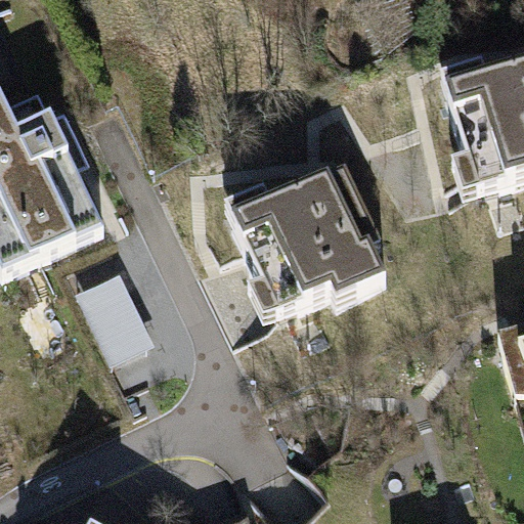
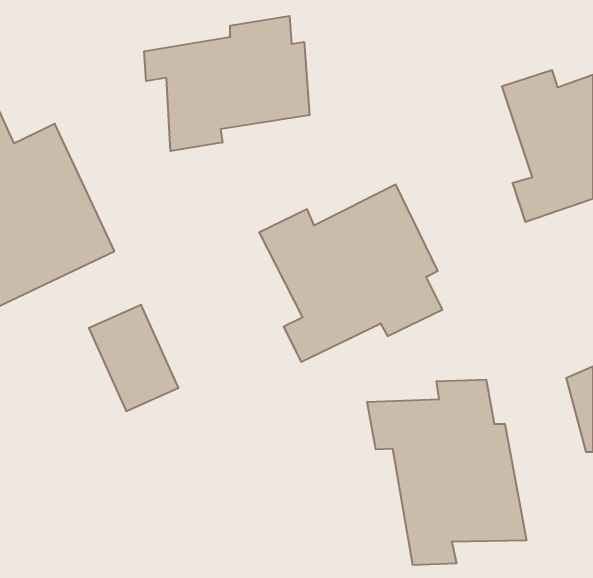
building: none -> [144,16,310,151]
building: none -> [367,380,526,565]

